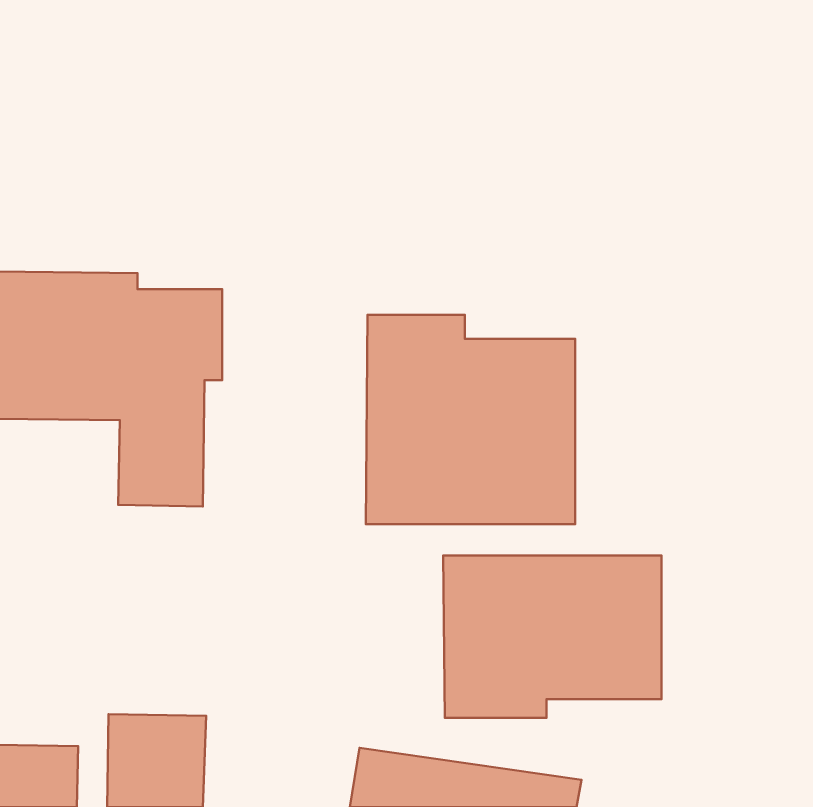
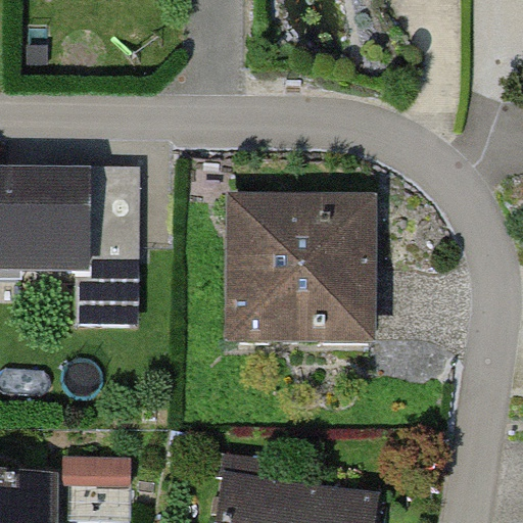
building: [443,556,662,718] -> none

